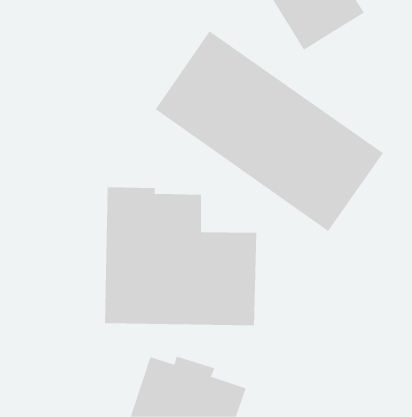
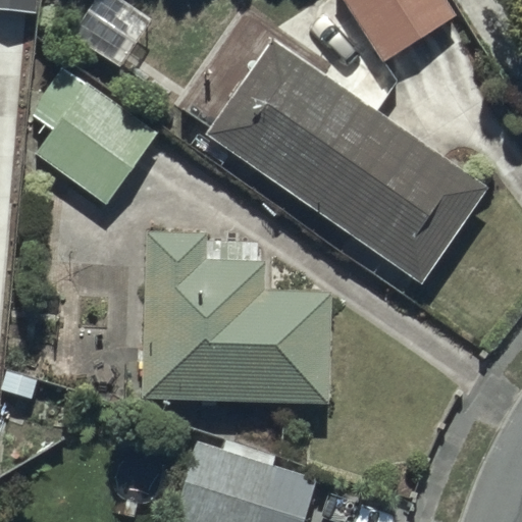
building: none -> [34,66,157,204]

